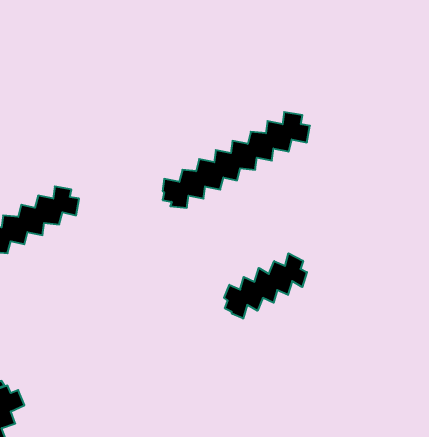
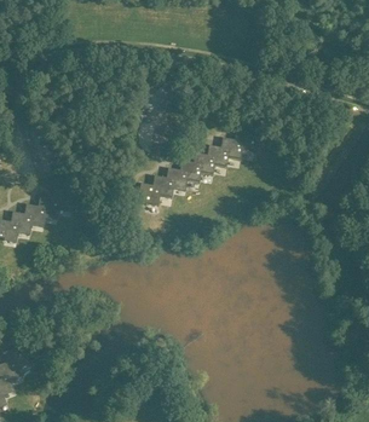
building: [224,253,307,319] -> none

